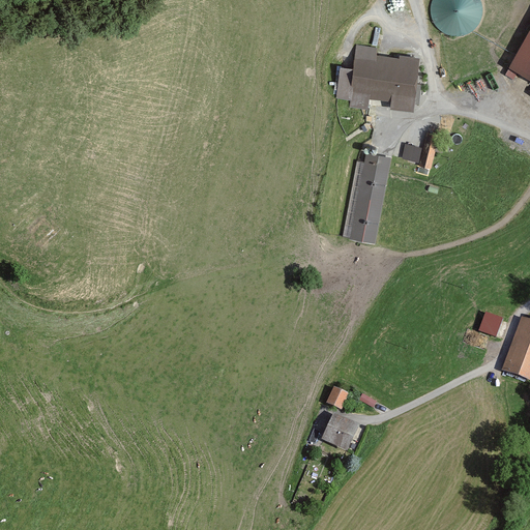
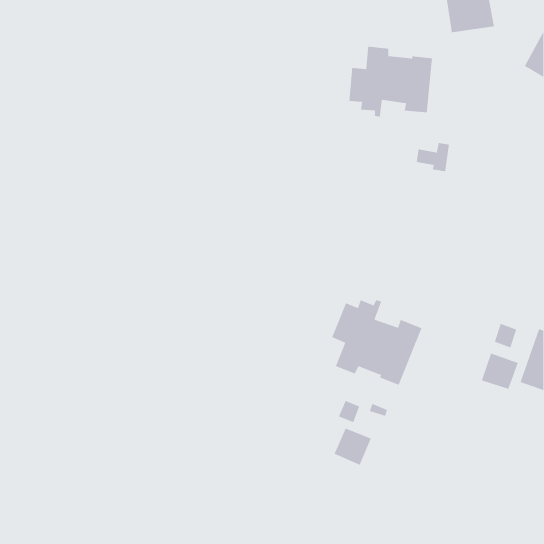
building: [343,152,391,242] -> none
building: none -> [331,299,422,386]
building: none -> [481,353,519,390]

